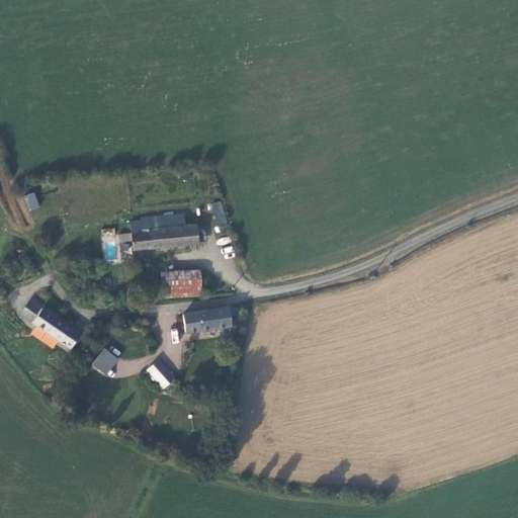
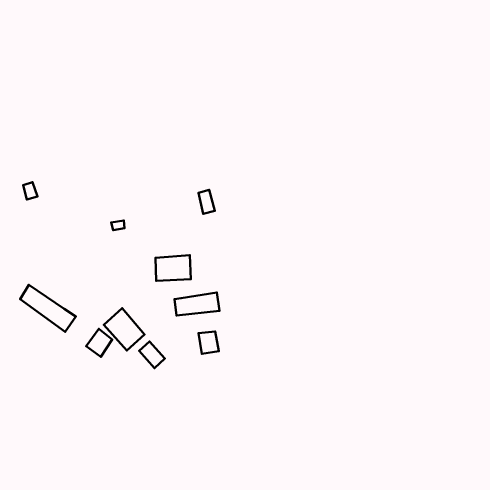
building: [133,213,200,247] -> none
building: none -> [104,308,144,351]
building: none -> [198,331,219,354]

